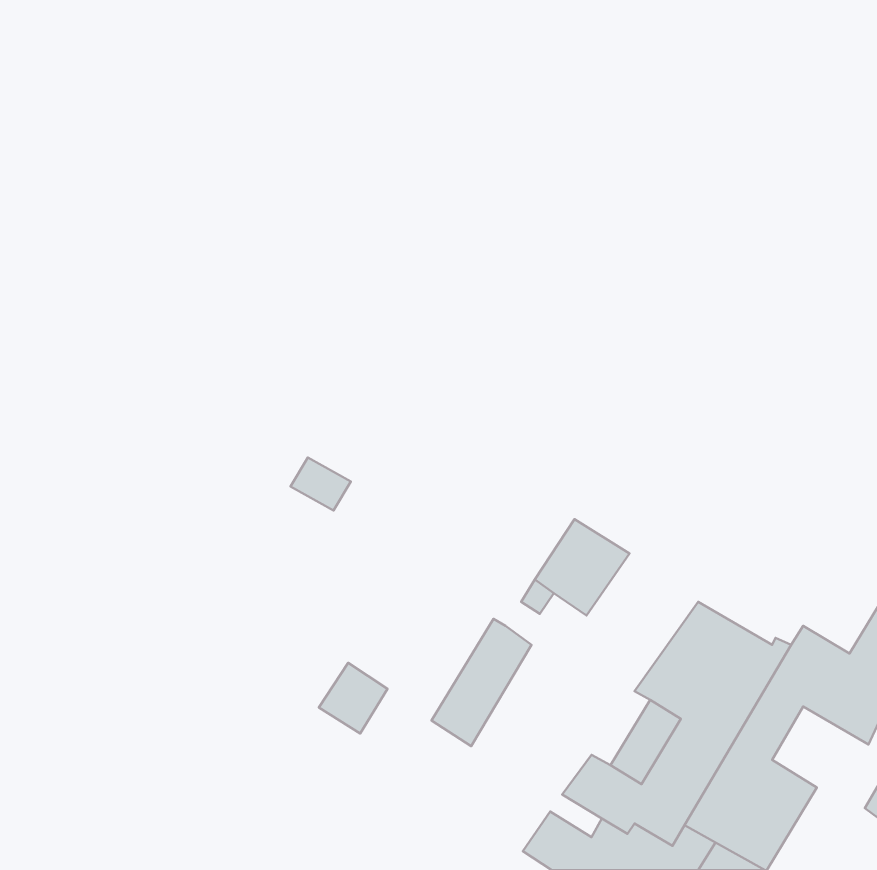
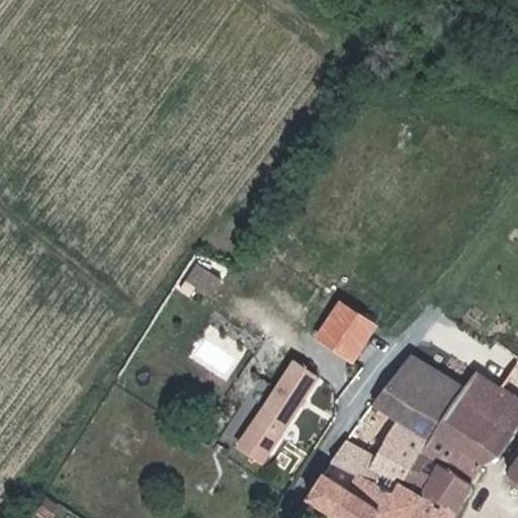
building: [319,663,388,733] -> [238,424,278,465]
building: none -> [455,416,512,463]

